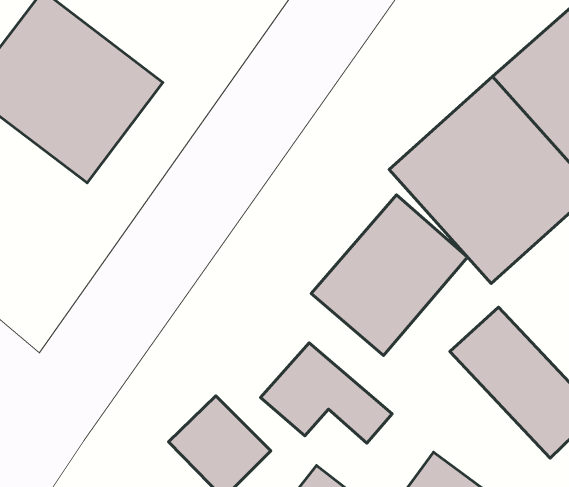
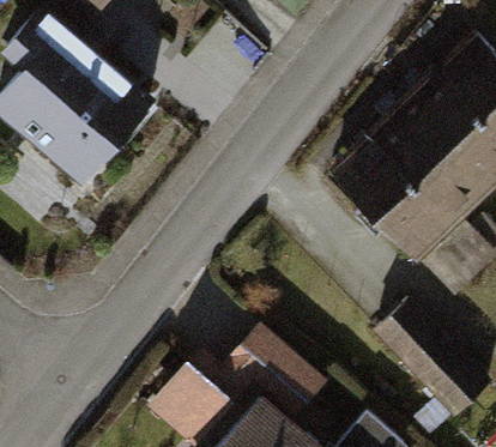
building: [311,195,468,355] -> none

